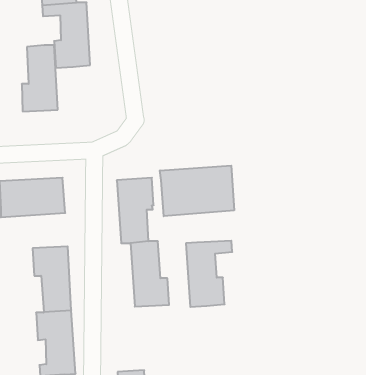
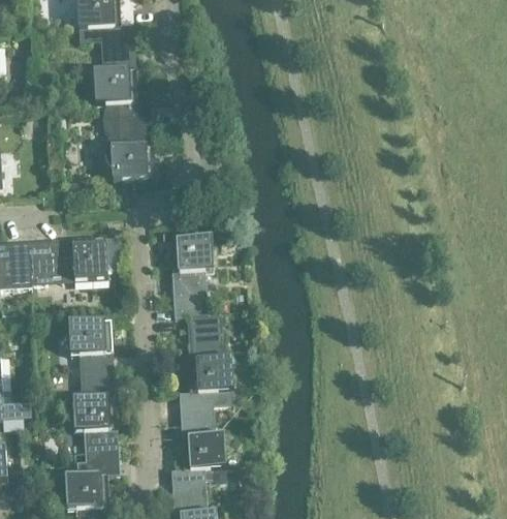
building: [22,45,58,111] -> [110,101,154,181]
building: [160,166,234,216] -> none
building: [186,241,232,307] -> [178,390,233,469]

